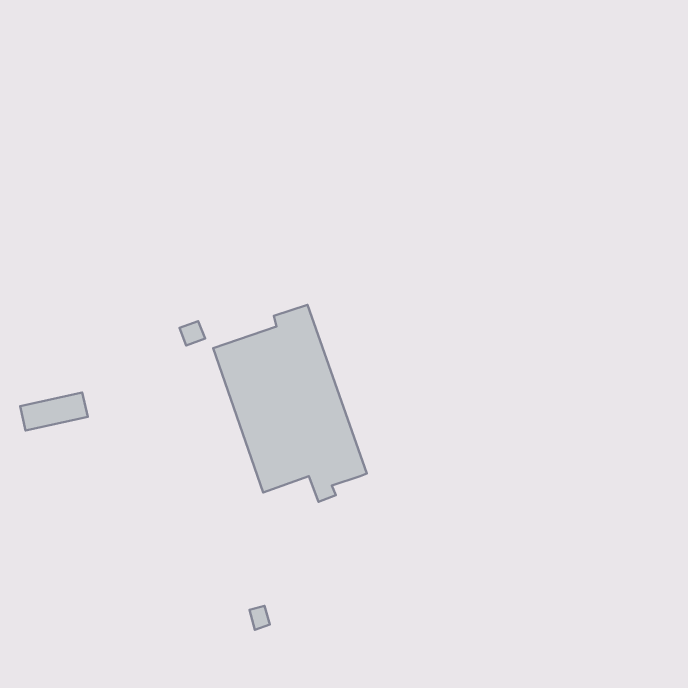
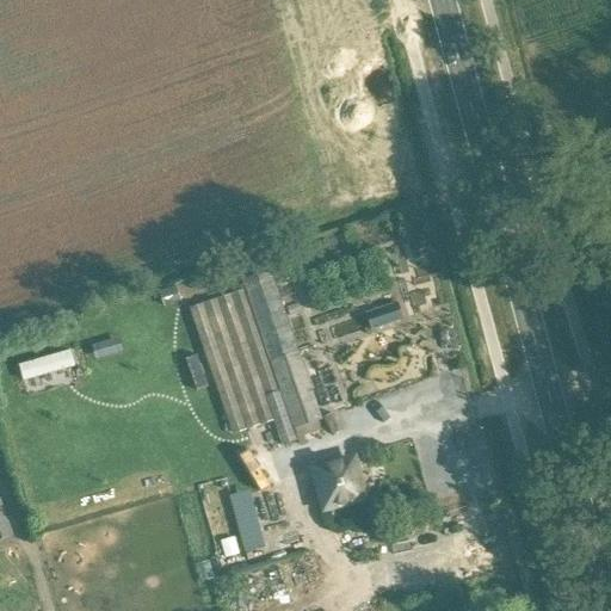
building: none -> [316,458,364,506]
building: none -> [229,487,263,550]

